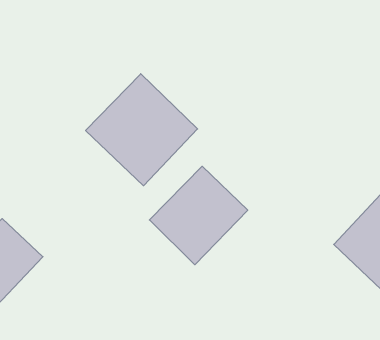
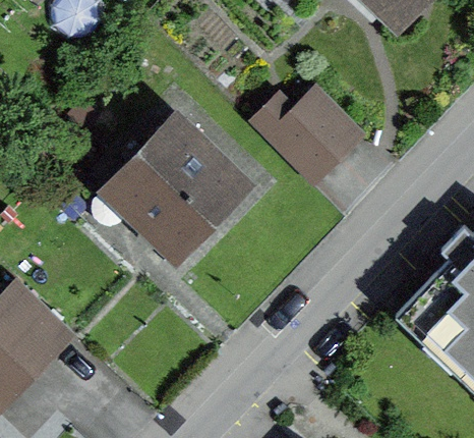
building: none -> [257,94,359,181]
building: [149,166,248,265] -> none

